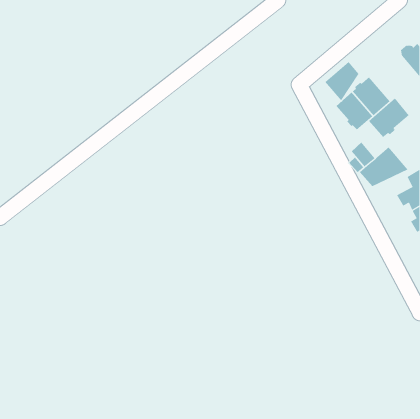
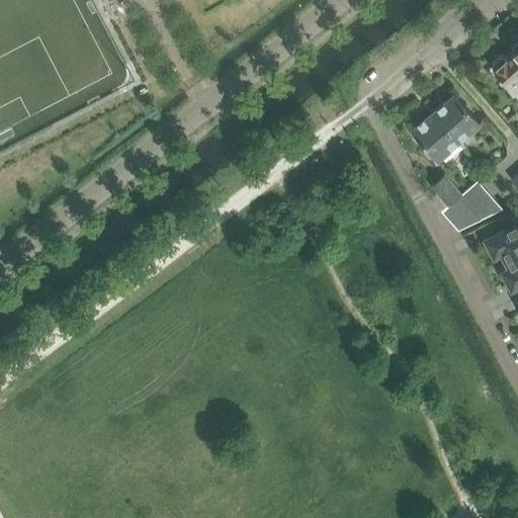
building: [324,61,359,101] -> none
building: [368,97,410,138] -> none

